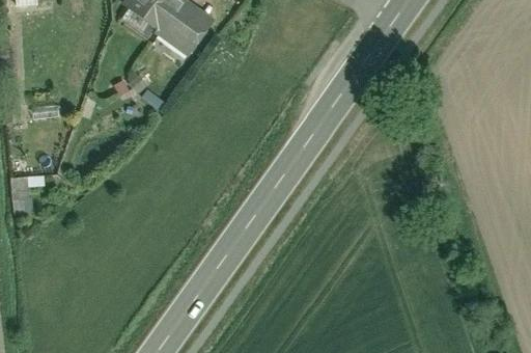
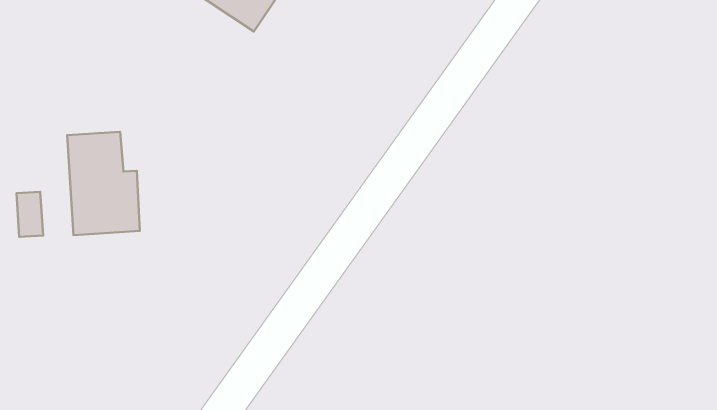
building: none -> [67,132,140,235]

